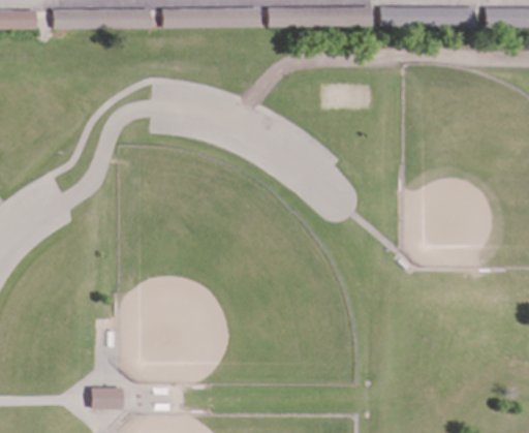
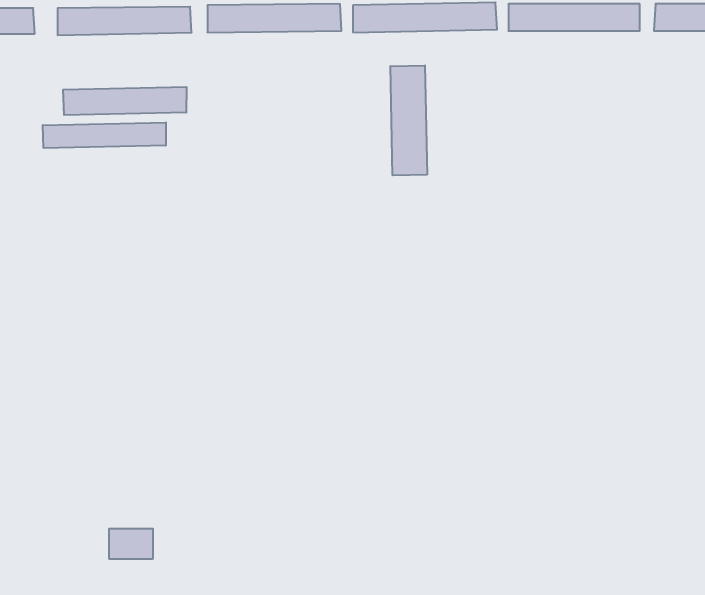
building: none -> [390,65,427,175]
building: none -> [63,87,187,115]
building: none -> [43,122,166,148]

